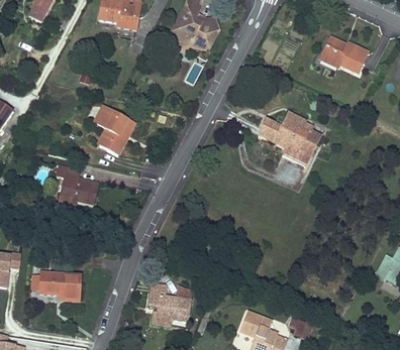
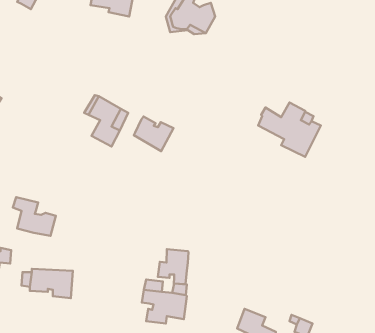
building: [320,36,367,73] -> none
building: none -> [134,117,173,151]
building: [56,164,97,202] -> [13,197,56,236]
building: none -> [158,249,188,284]

